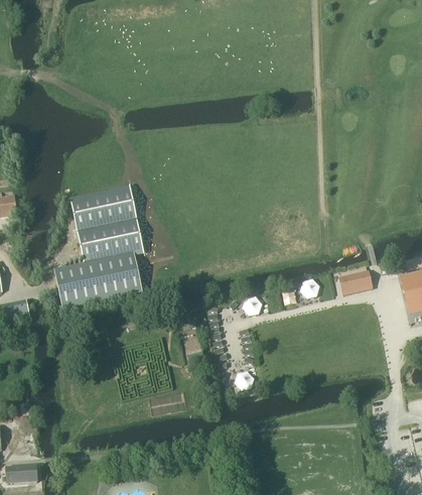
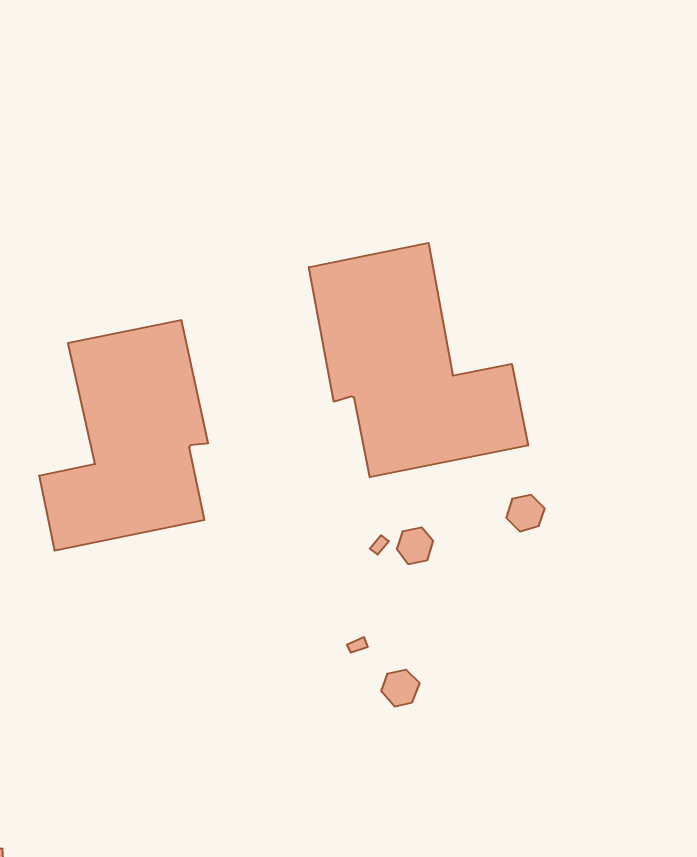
building: none -> [309,243,528,477]
building: [341,270,373,292] -> none

